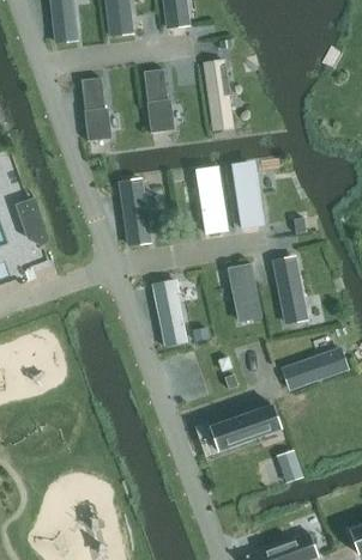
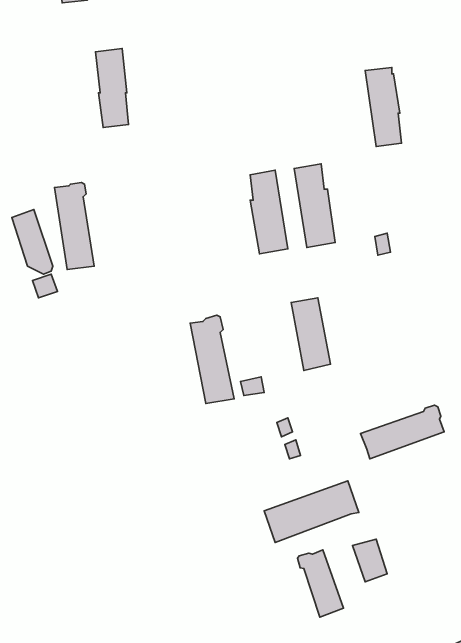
building: [204,60,231,120] -> [365,68,401,146]
building: [144,68,170,128] -> none
building: [120,178,150,244] -> [55,183,94,269]
building: [271,241,308,322] -> none
building: none -> [297,550,343,617]

